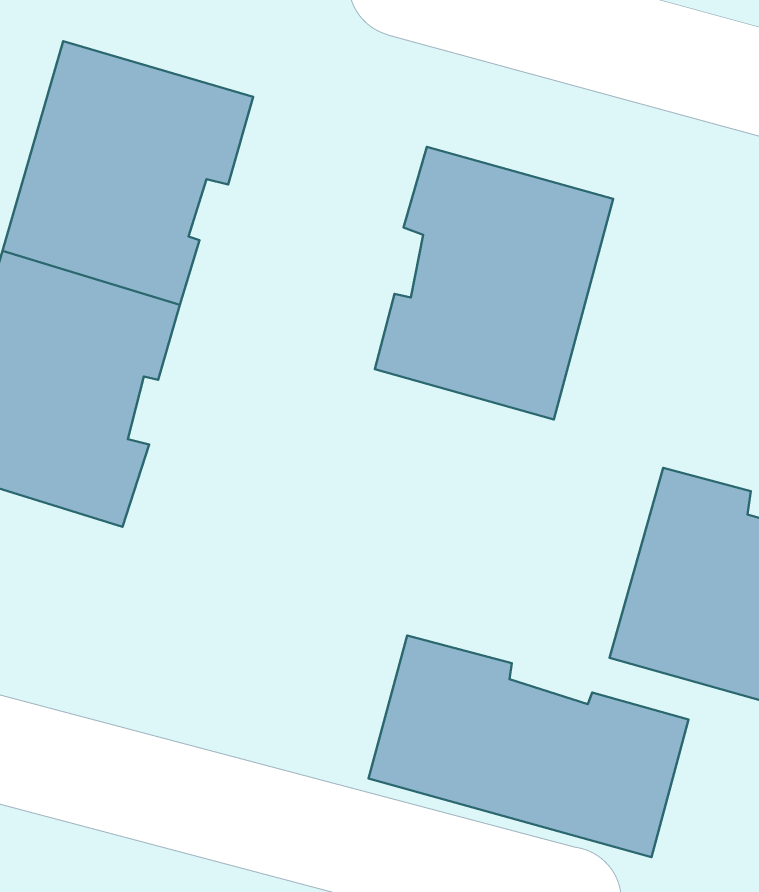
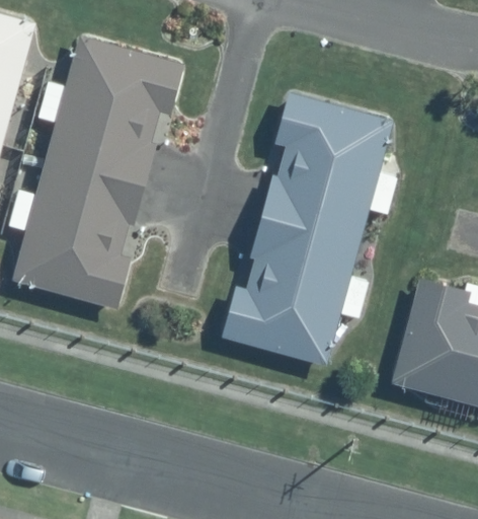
building: none -> [218,219,358,367]
building: [368,635,689,857] -> none

